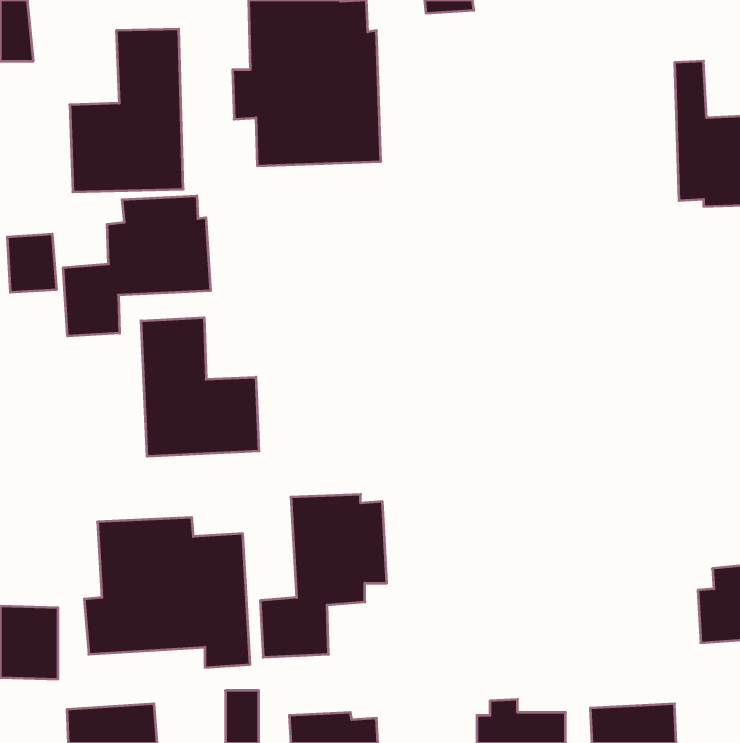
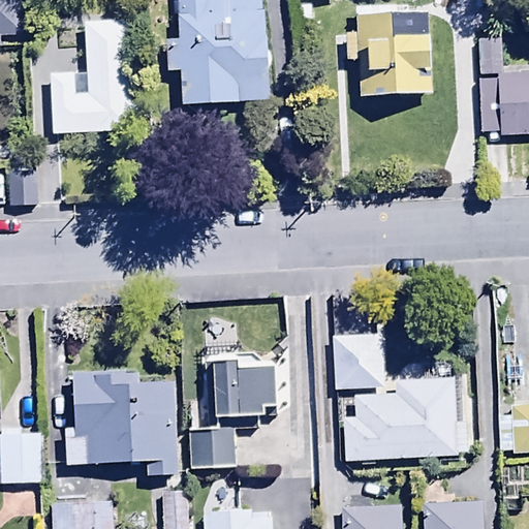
building: none -> [346,20,434,110]
building: [63,196,211,336] -> none
building: [141,318,259,456] -> none
building: none -> [331,333,458,459]

